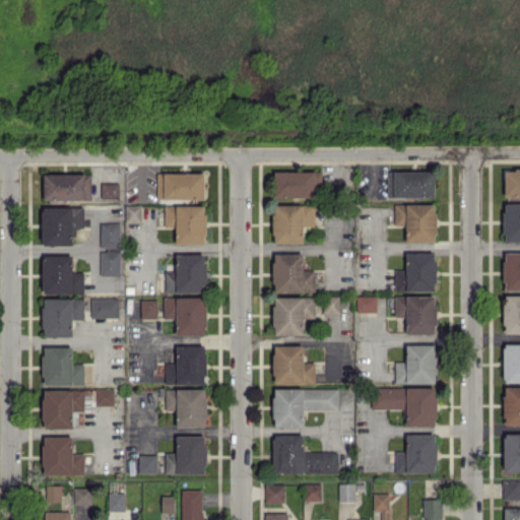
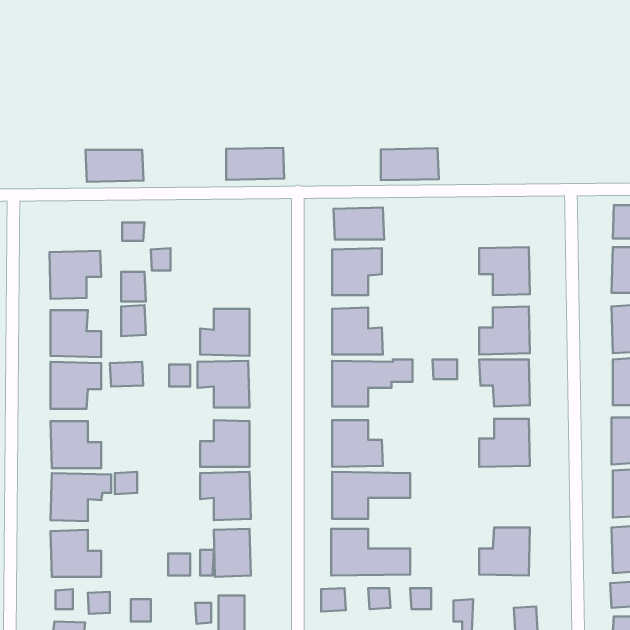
building: [388,172,436,198] -> [381,148,439,180]
building: [157,174,205,200] -> [226,148,284,180]
building: [44,175,91,201] -> [85,150,144,182]
building: [166,206,206,245] -> none
building: [373,388,437,427] -> none

